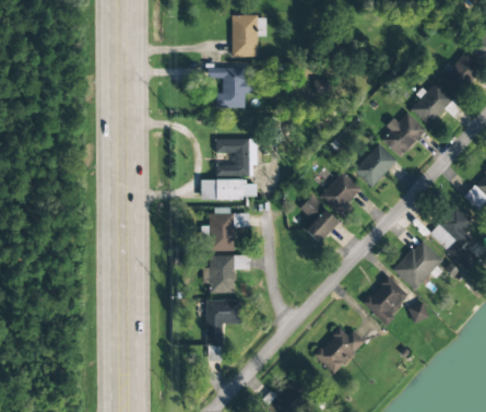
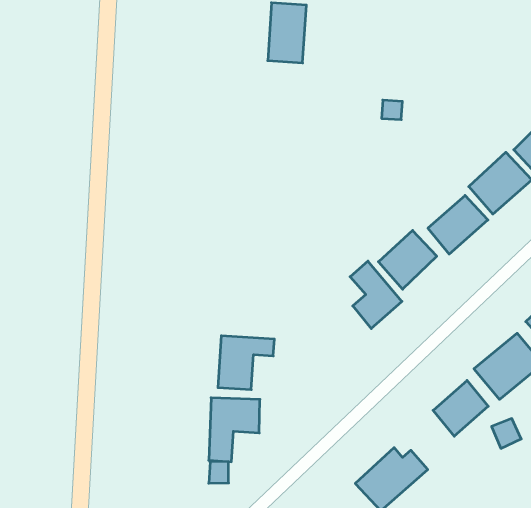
building: [220,68,253,107] -> none
building: [201,139,251,199] -> none
building: [210,213,249,250] -> none

